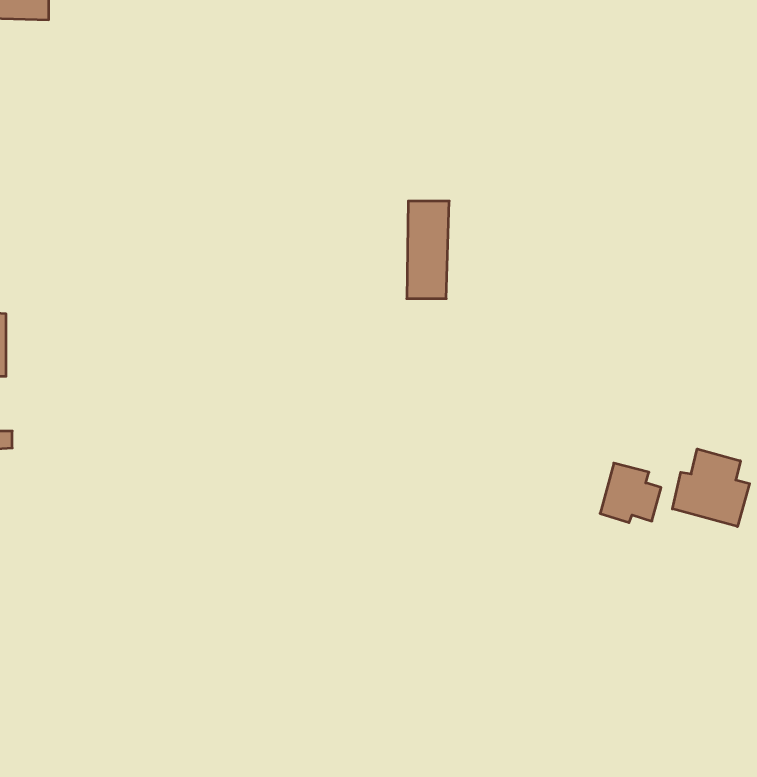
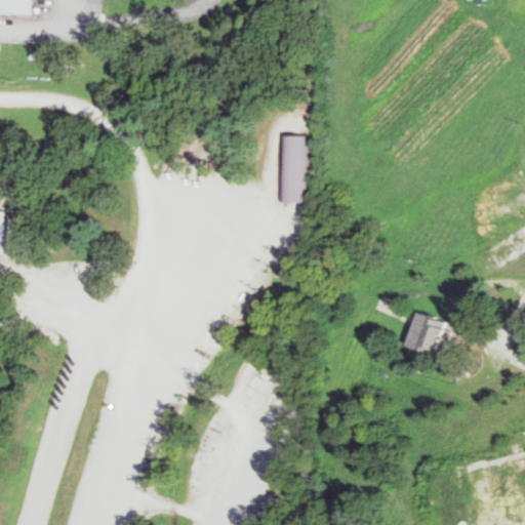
building: [672,449,750,527] -> none

